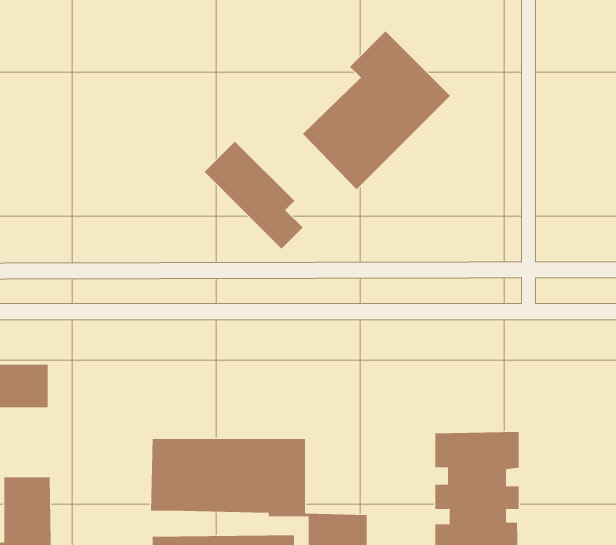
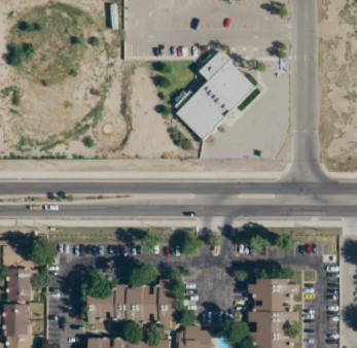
building: [204,141,303,249] -> none
building: none -> [7,269,30,301]

